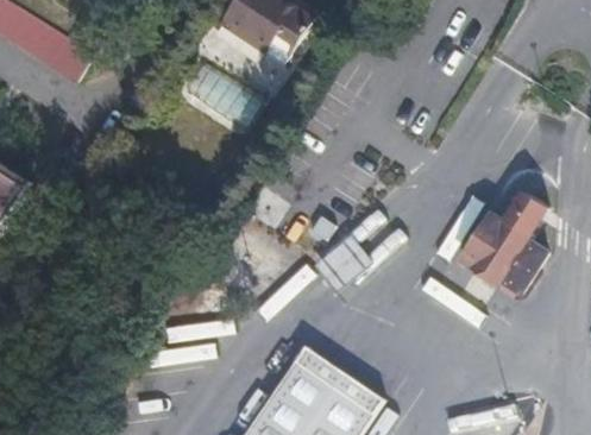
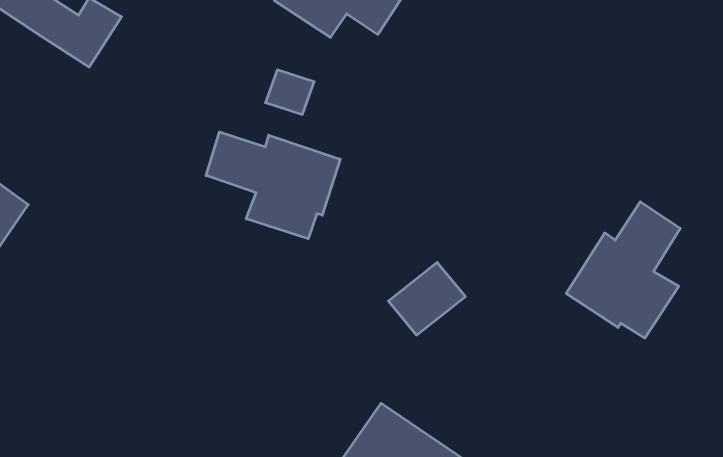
building: none -> [206,132,340,239]

